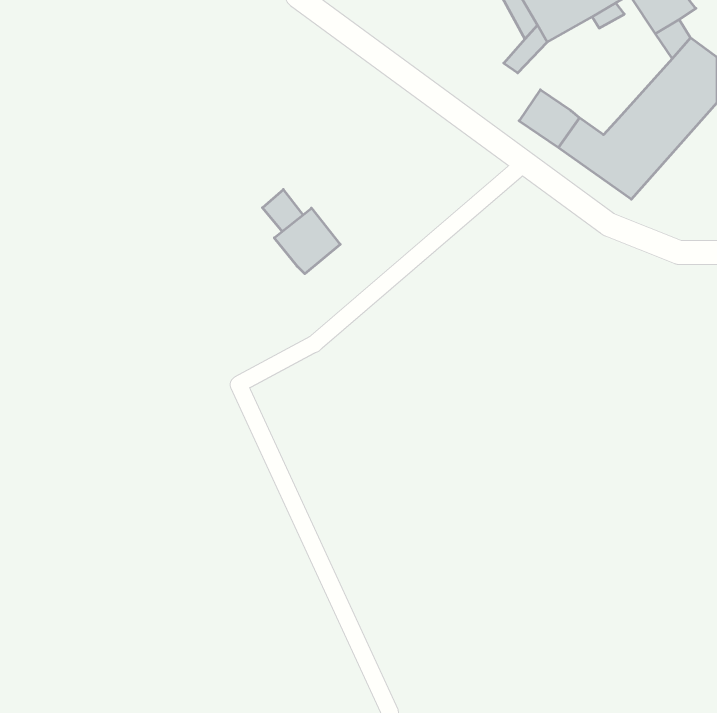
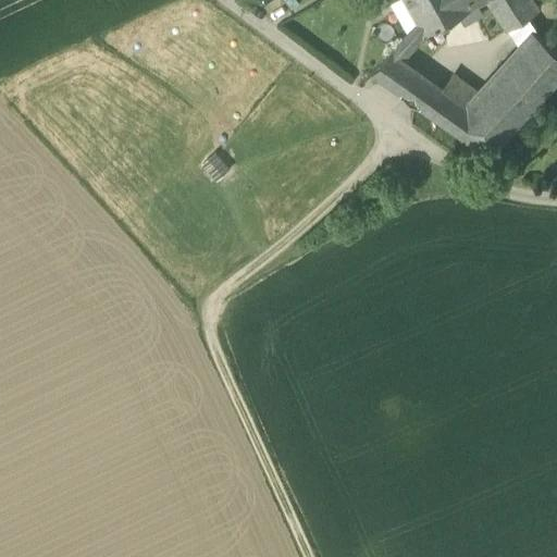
building: none -> [371,49,419,94]
building: none -> [443,69,482,104]
building: [274,208,340,274] -> none

